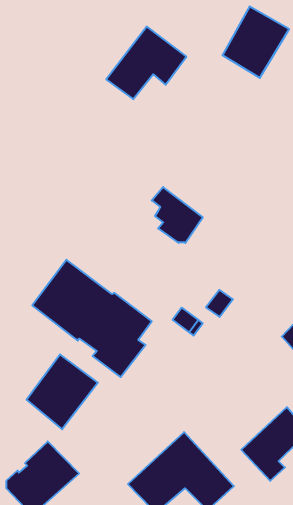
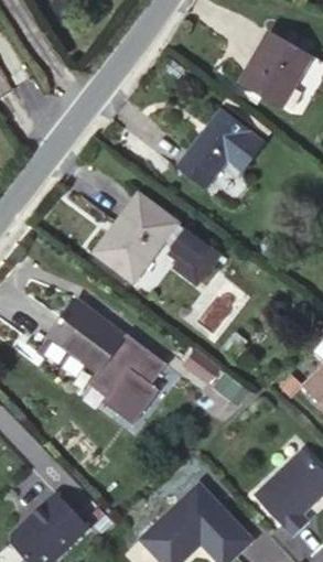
building: [106,27,186,99] -> [177,109,262,186]
building: none -> [95,193,177,281]
building: [27,354,98,429] -> none

